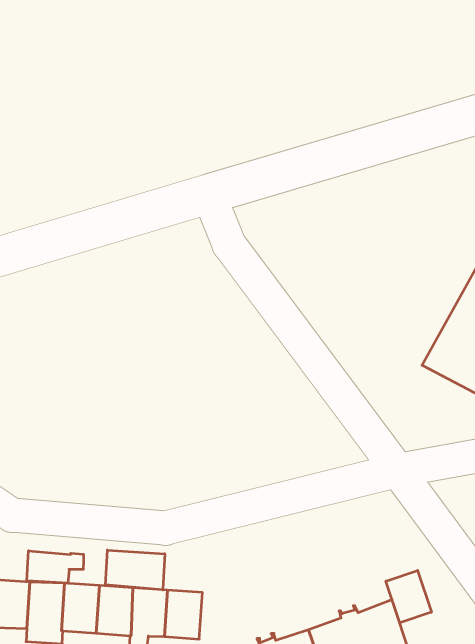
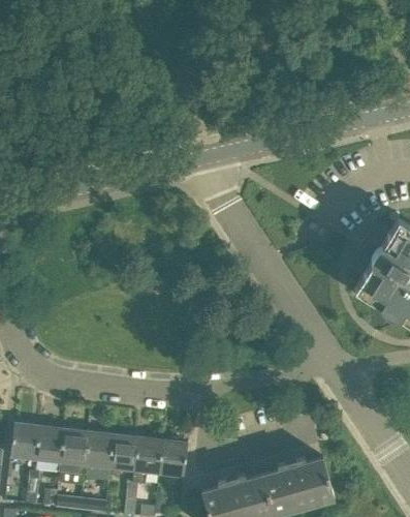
building: [105,550,165,590] -> none
building: [27,551,84,583] -> none
building: [386,570,431,623] -> none

